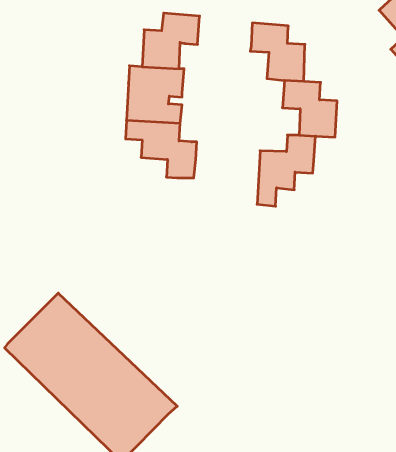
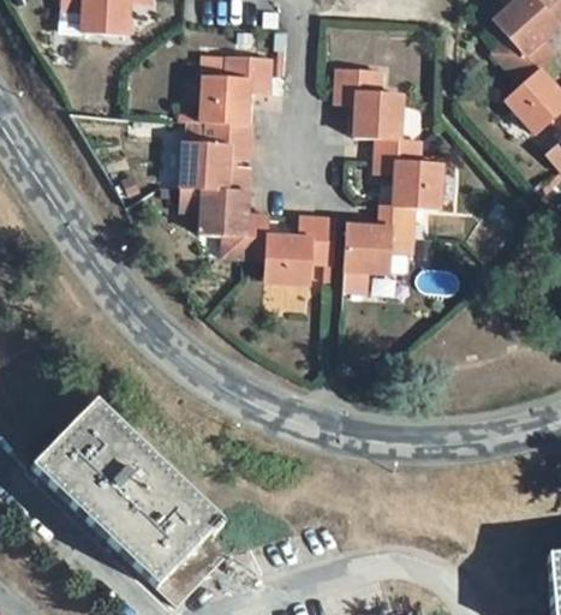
building: none -> [263,214,334,282]

